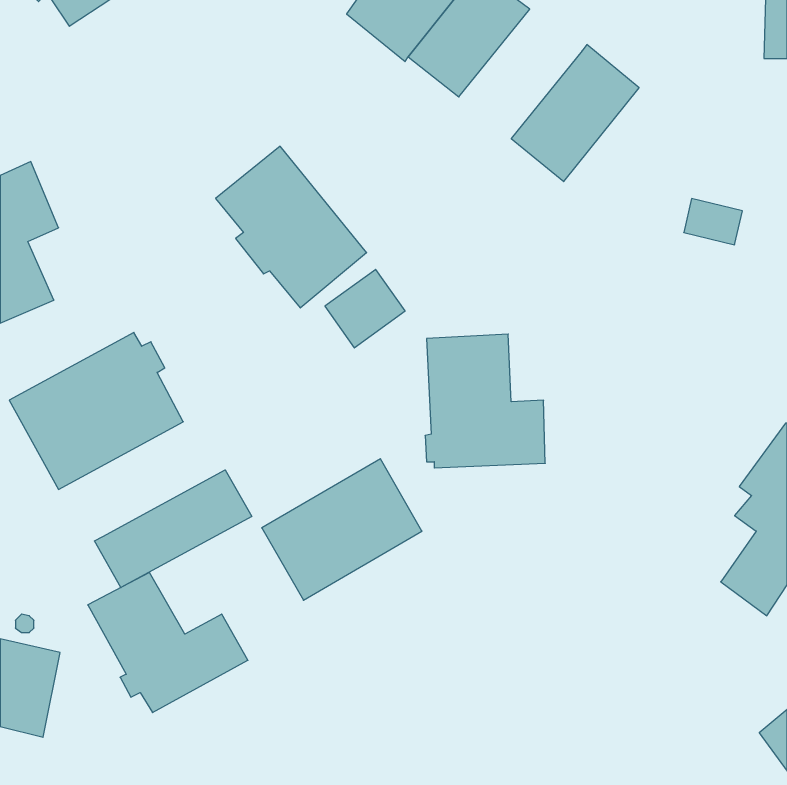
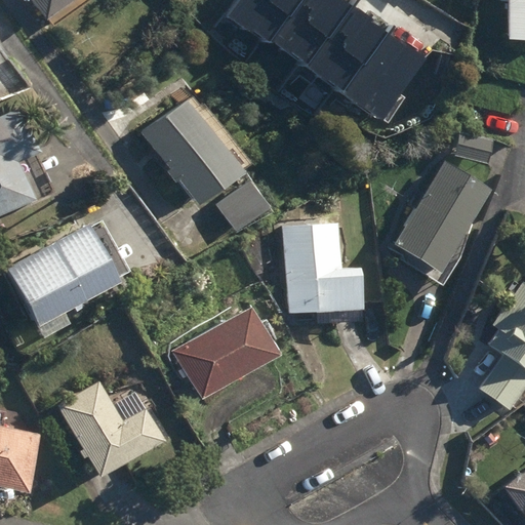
building: none -> [306,6,388,92]
building: none -> [395,160,493,273]
building: [94,470,252,588] -> none

